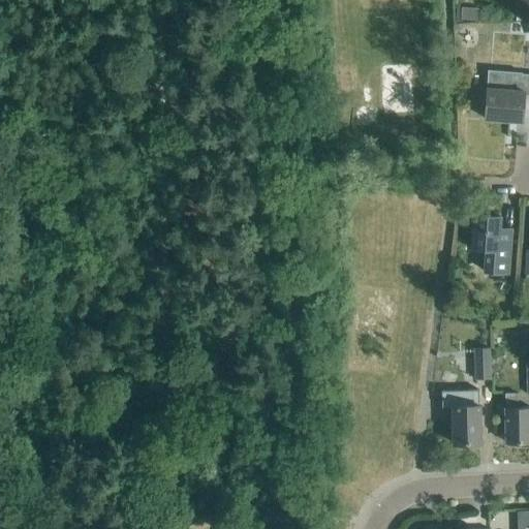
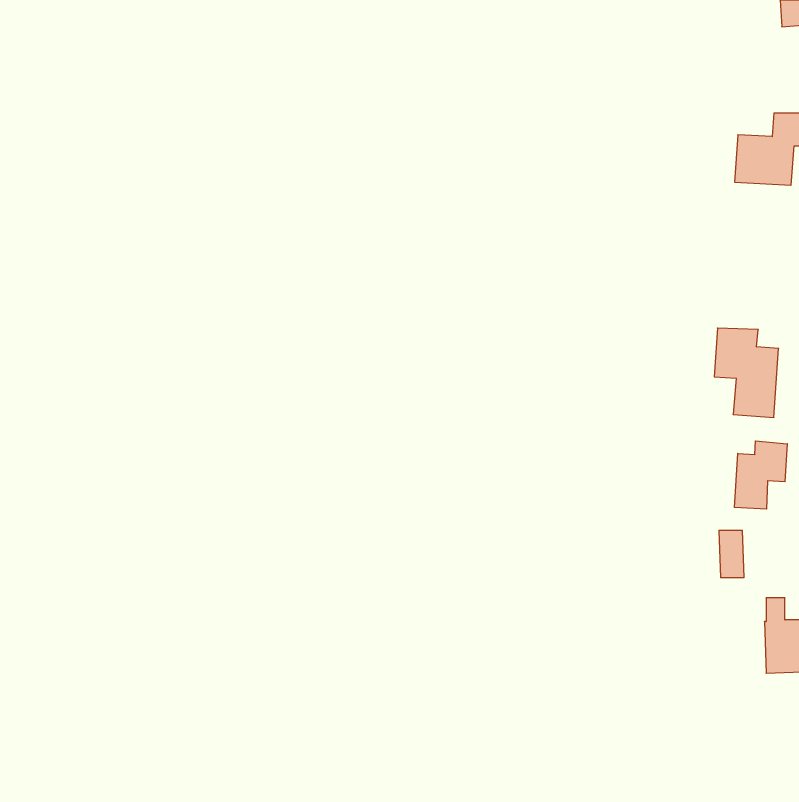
building: none -> [734,441,787,509]
building: [442,391,481,444] -> none

